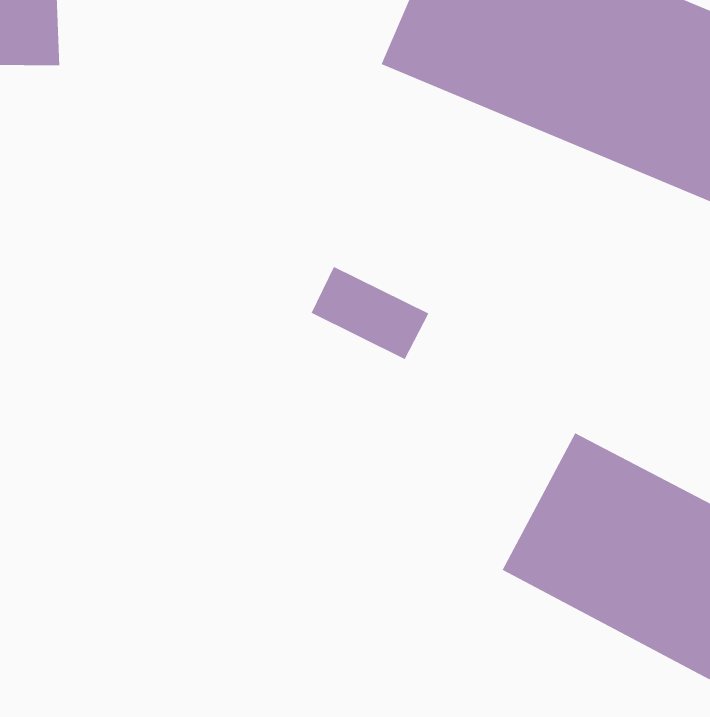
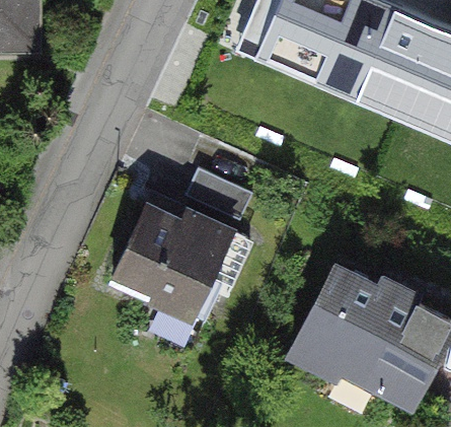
building: none -> [110,185,265,331]

